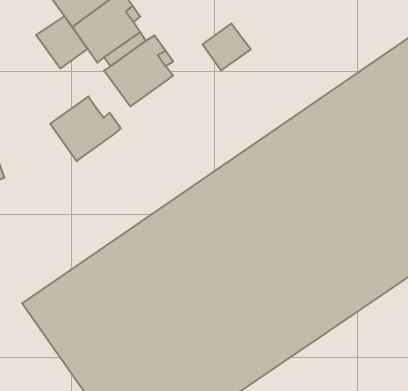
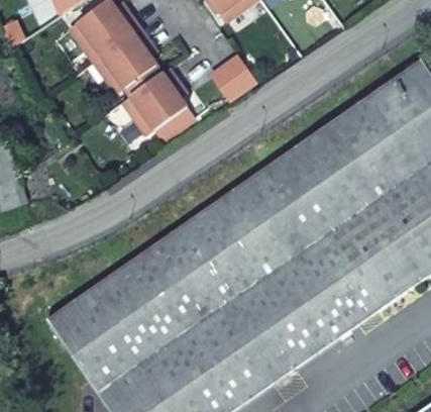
building: [36,16,87,68] -> none
building: [50,96,121,161] -> none

